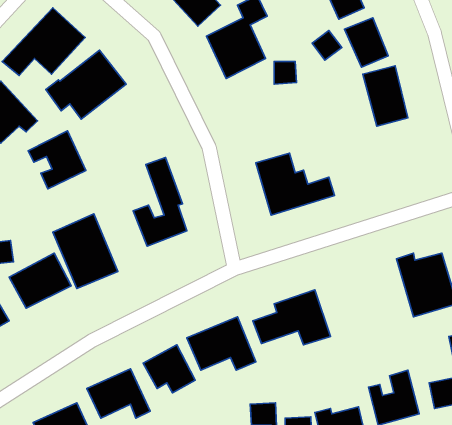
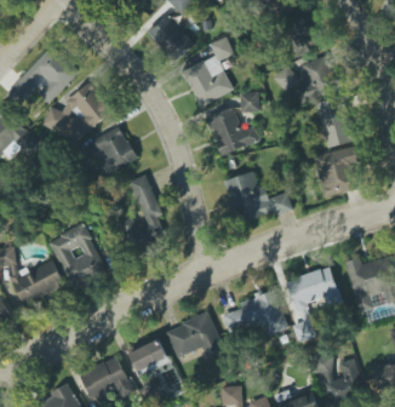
building: none -> [205,107,258,155]
building: none -> [314,145,362,196]
building: [28,131,86,189] -> [86,126,136,176]
building: none -> [286,265,342,337]

